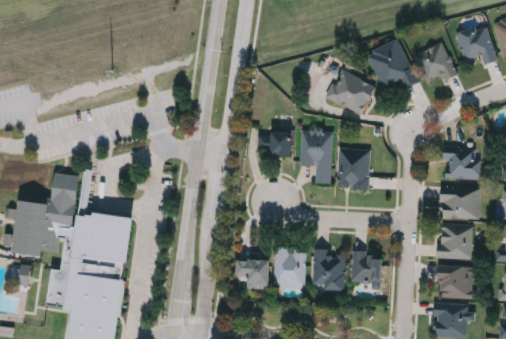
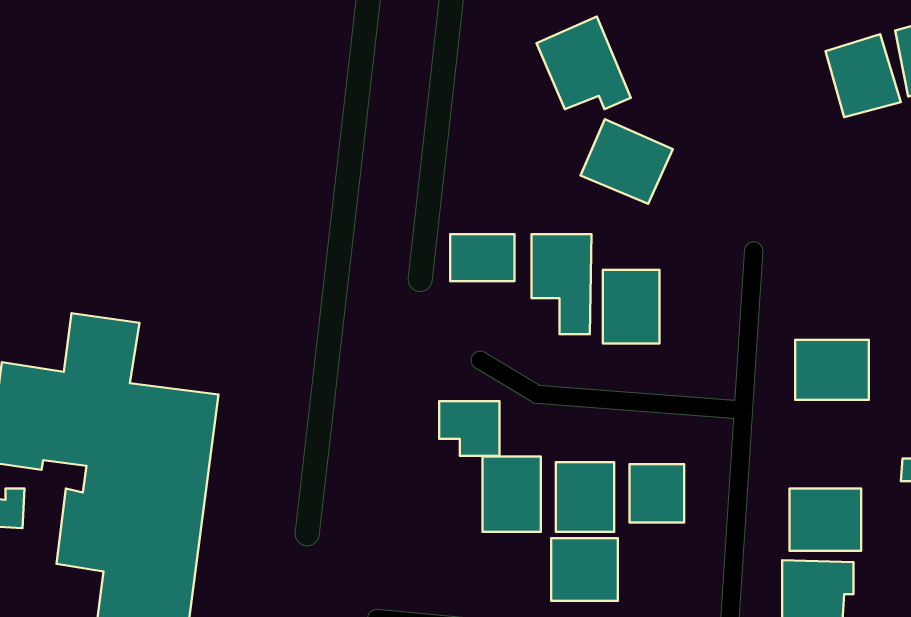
building: [366,40,416,89] -> [537,17,631,109]
building: [413,43,457,83] -> none
building: [444,152,480,179] -> none
building: [438,224,472,260] -> none
building: [237,260,269,289] -> [439,401,499,456]
building: none -> [551,538,618,601]

